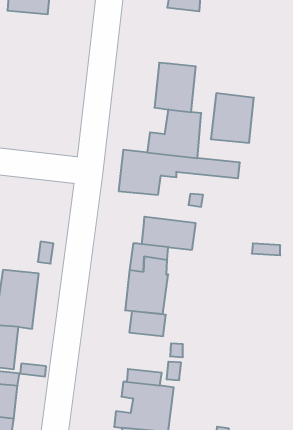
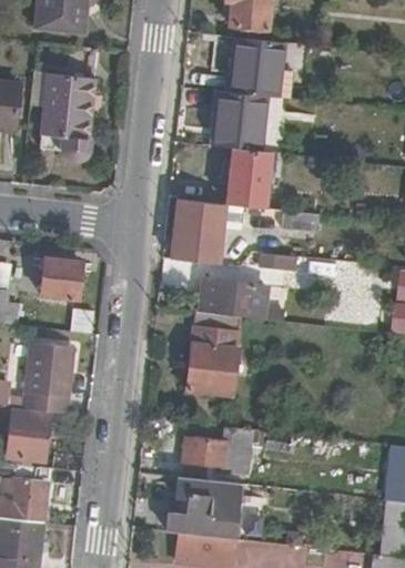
building: none -> [34,73,98,161]
building: [211,93,254,143] -> [231,38,283,98]
building: none -> [43,258,83,301]
building: [129,311,166,336] -> [183,437,227,467]

